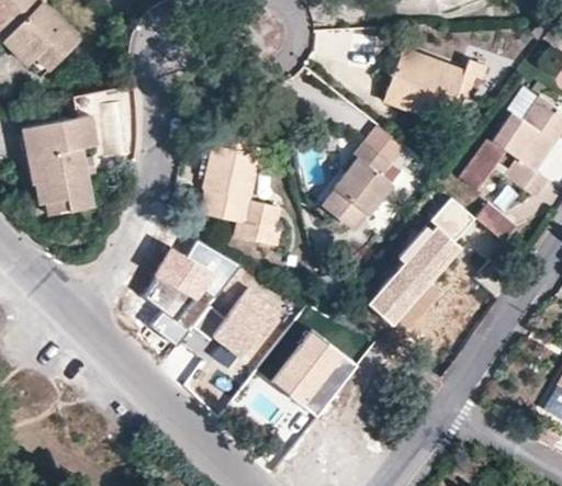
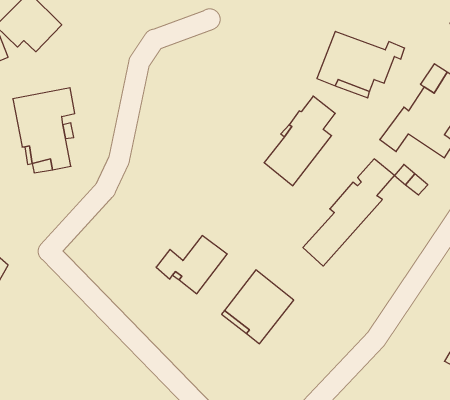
building: [202,131,281,247] -> none
building: [144,239,241,348] -> none

